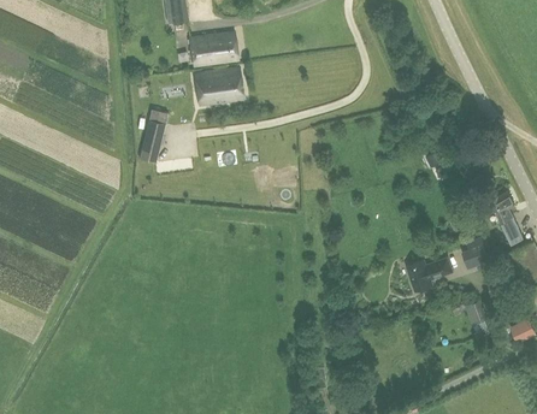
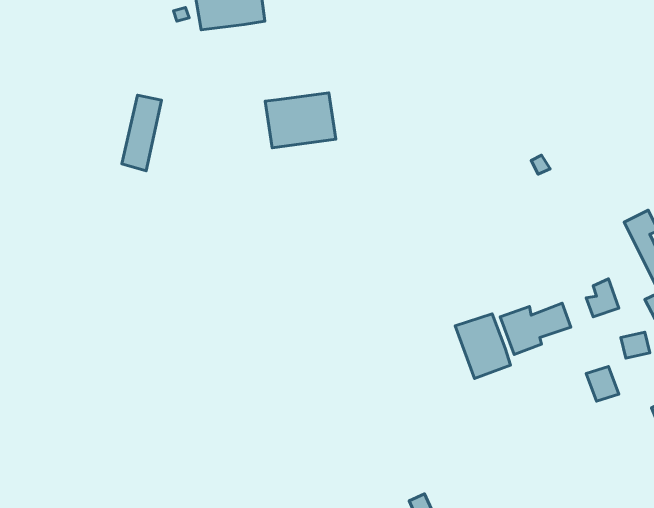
building: [195,65,244,103] -> [265,93,336,148]
building: none -> [455,314,511,378]

